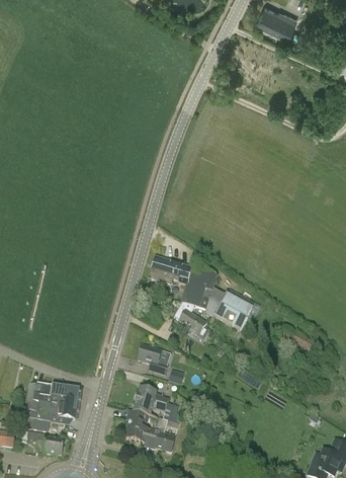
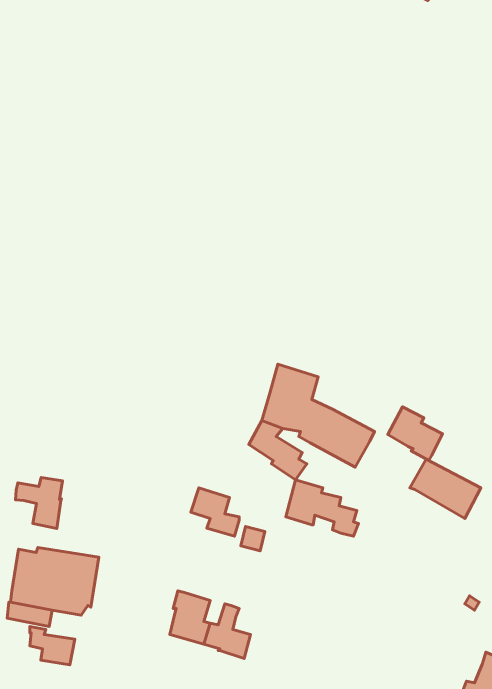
building: [150,255,192,285] -> none
building: none -> [388,407,442,460]
building: none -> [15,477,63,529]
building: [134,386,179,421] -> [286,480,358,536]

